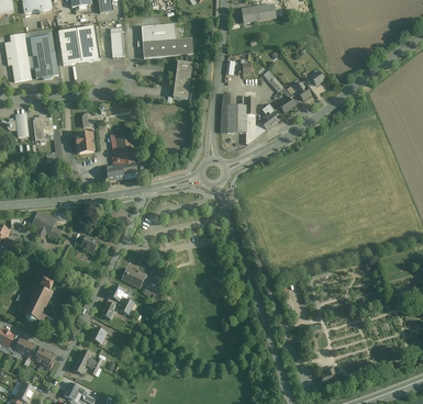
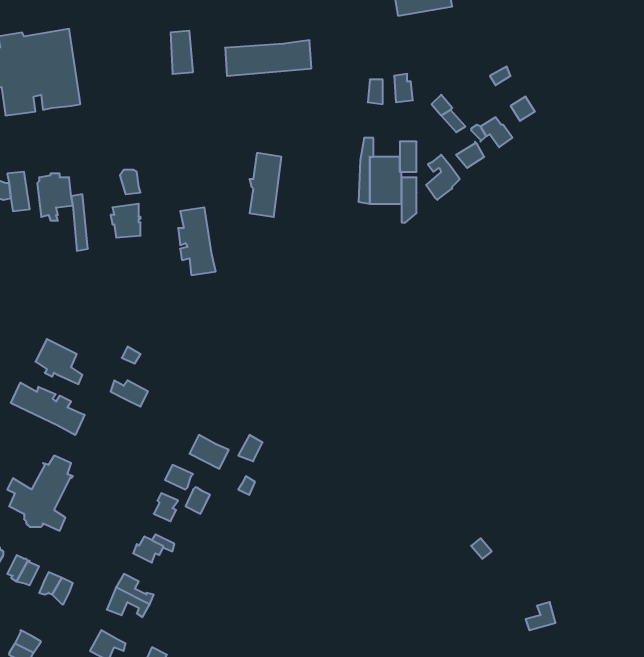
building: [141,24,176,42] -> none
building: [57,25,99,65] -> none
building: [172,61,191,99] -> [249,153,281,217]
building: none -> [11,383,85,435]

